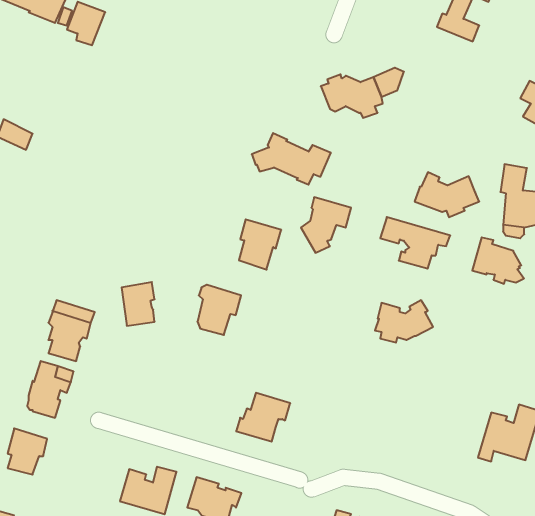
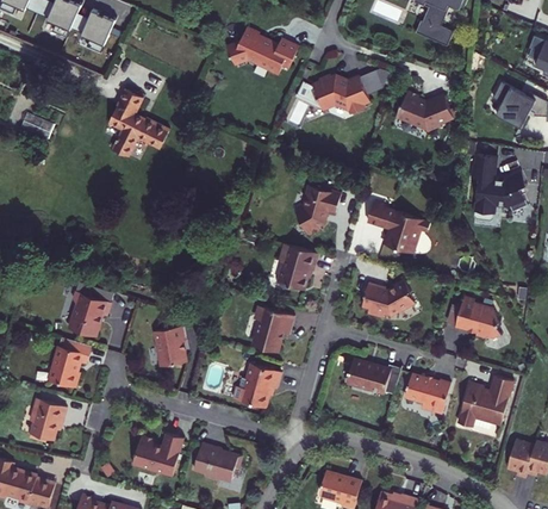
building: none -> [112,92,169,159]
building: [252,133,331,185] -> [228,27,299,74]
building: [415,172,479,217] -> [397,91,455,131]
building: [239,219,281,270] -> [280,243,318,288]
building: [472,237,524,284] -> [454,298,500,340]
building: [122,282,155,326] -> [155,325,185,365]
building: [197,285,241,335] -> [260,309,299,354]
building: none -> [347,360,400,395]
building: none -> [405,374,449,412]

